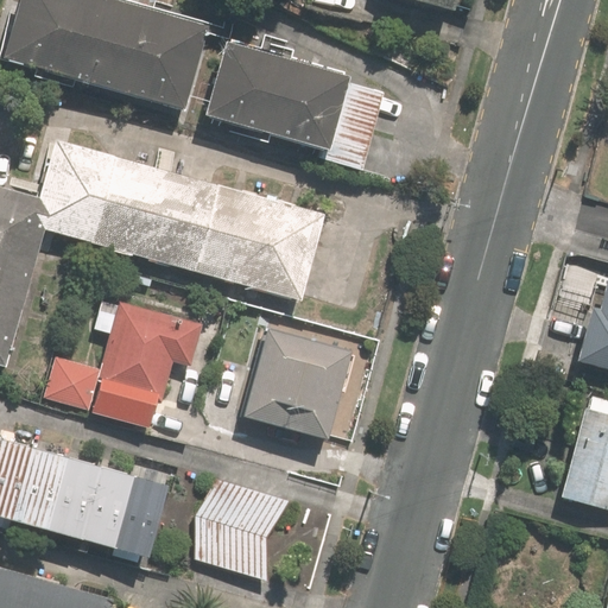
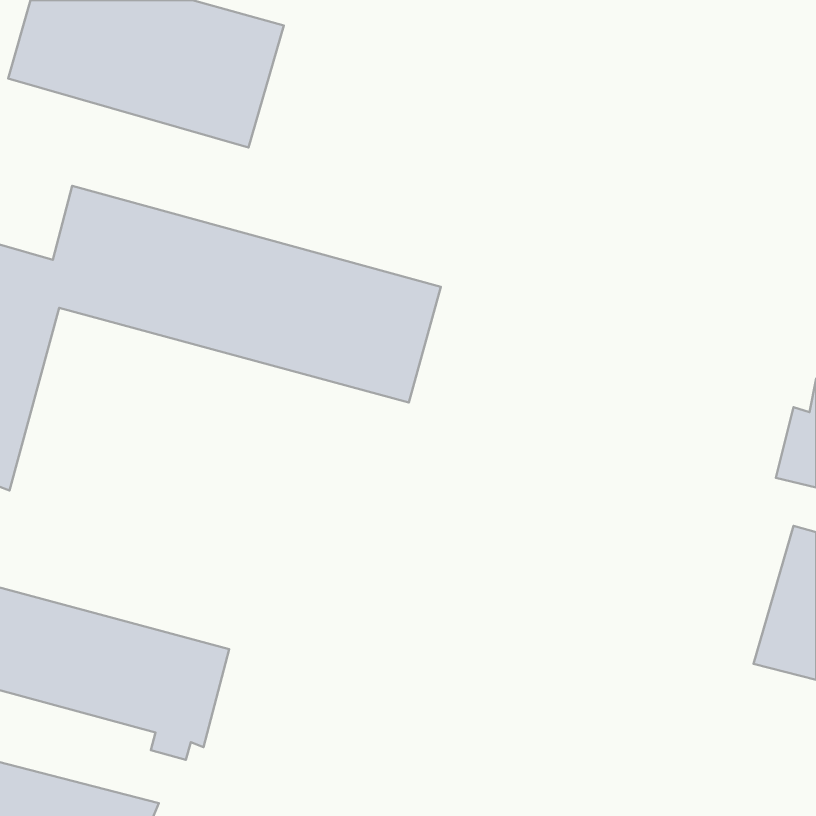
building: [207,39,385,172] -> none
building: [40,299,202,412] -> none
building: [239,324,356,442] -> none
building: [192,482,286,578] -> none

